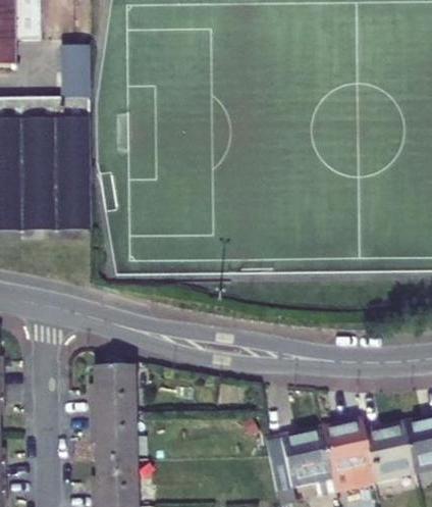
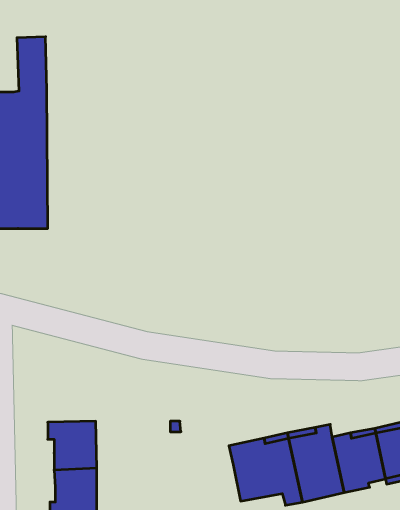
building: [90,369,136,417] -> none

